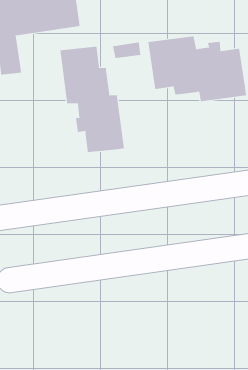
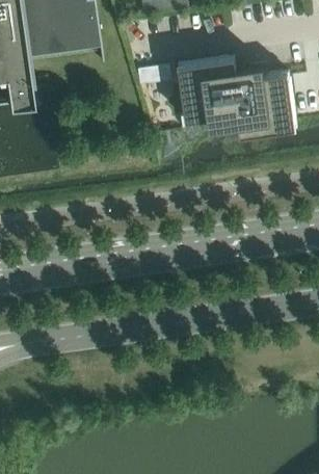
building: [60,46,125,153] -> none

